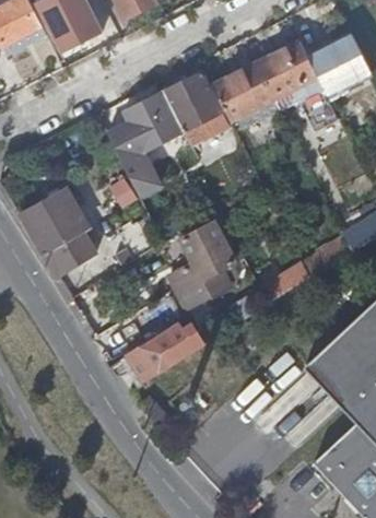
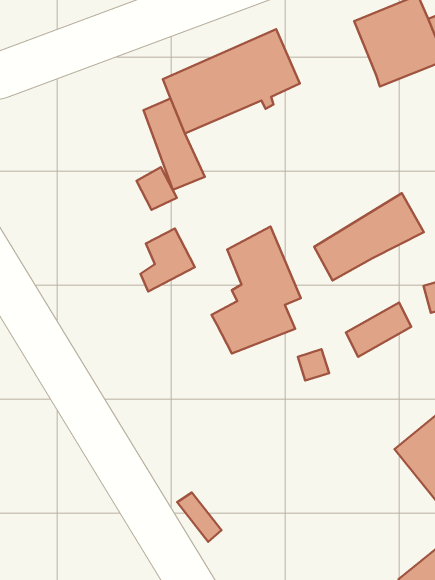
building: [211,63,273,122] -> none
building: none -> [314,193,424,281]
building: [20,191,93,275] -> none
building: [125,329,207,382] -> none

